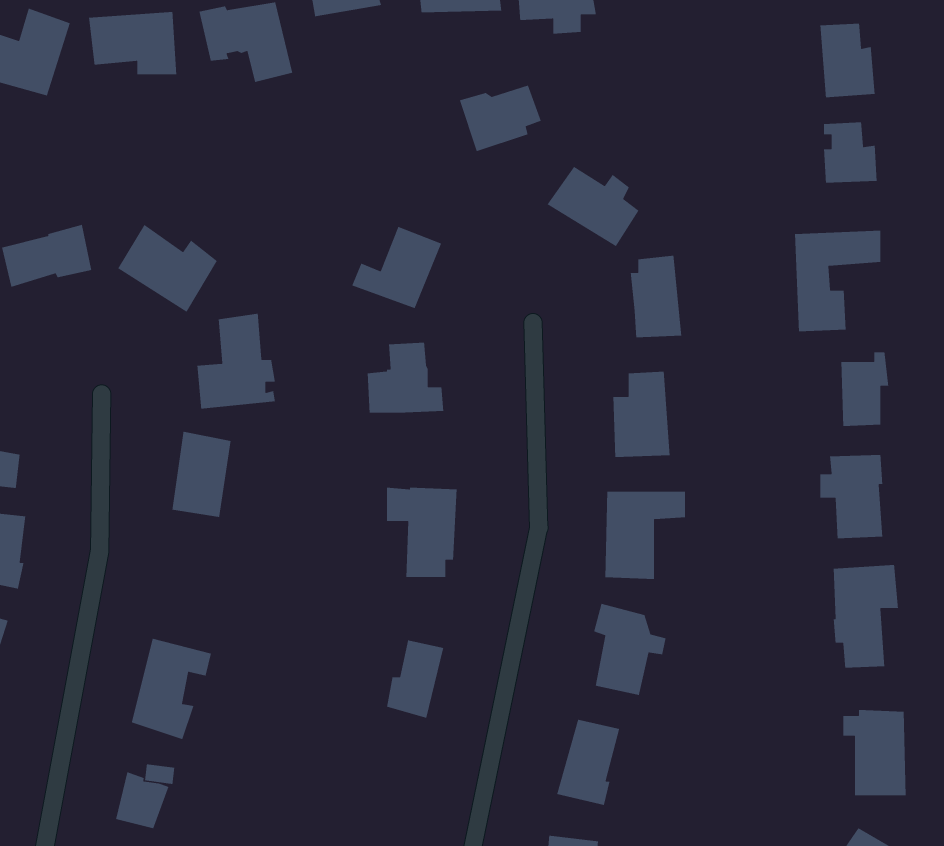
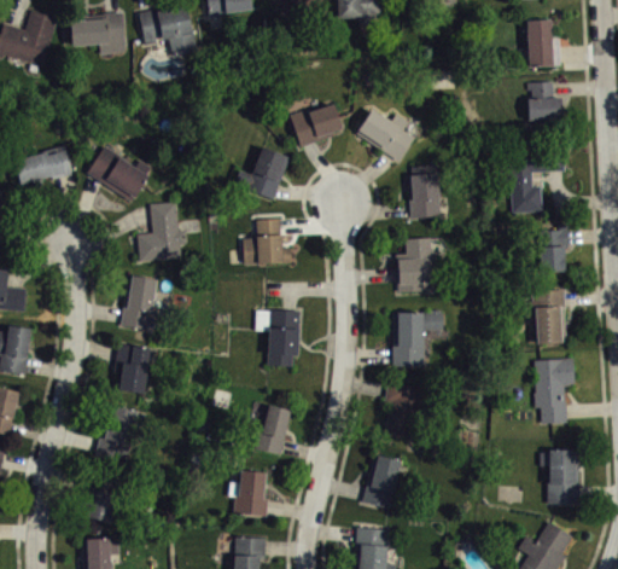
building: [459,84,542,152] -> [290,104,342,146]
building: none -> [113,343,148,393]
building: none -> [228,470,267,516]

